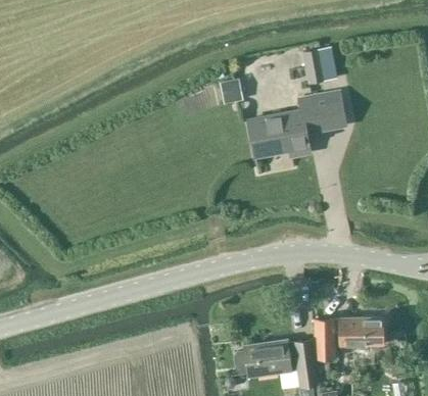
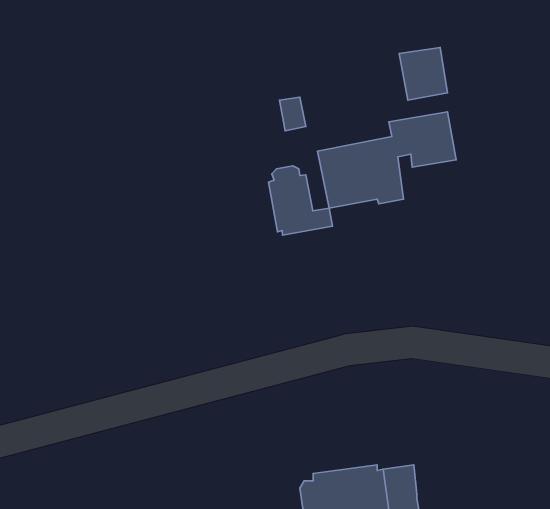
building: none -> [269,166,333,235]
building: [315,317,383,359] -> none

